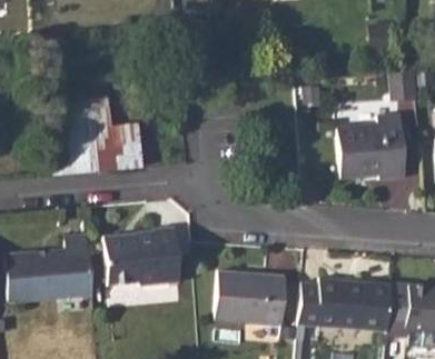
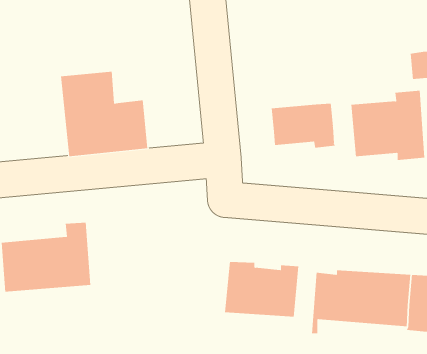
building: none -> [271,103,336,149]
building: [107,227,181,287] -> none

